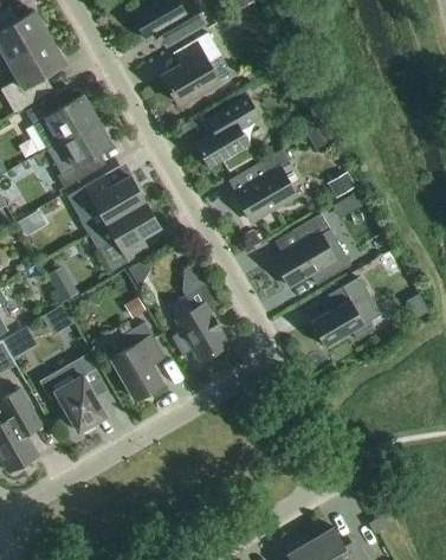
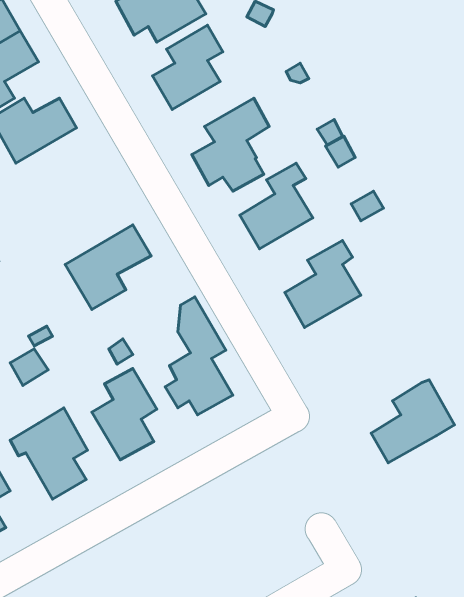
building: [46,120,111,188] -> none
building: [66,175,144,234] -> none
building: [310,277,380,347] -> [371,380,454,463]

